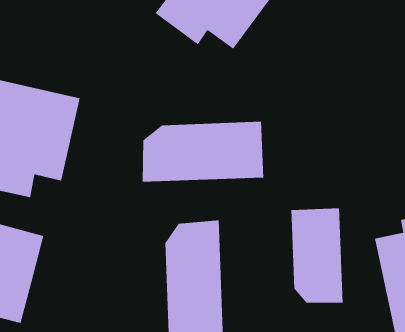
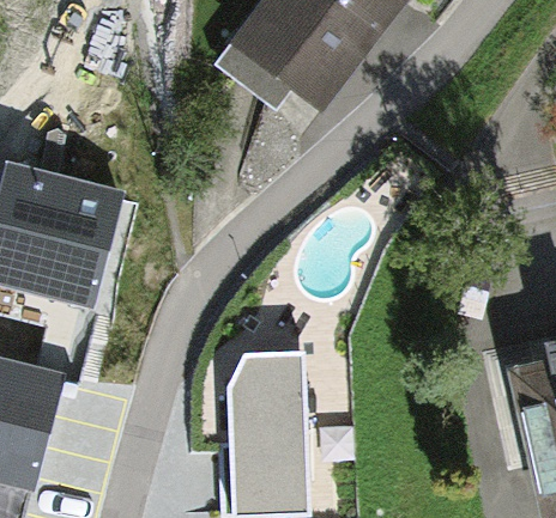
building: [142,121,264,183] -> none
building: [291,208,343,304] -> none

